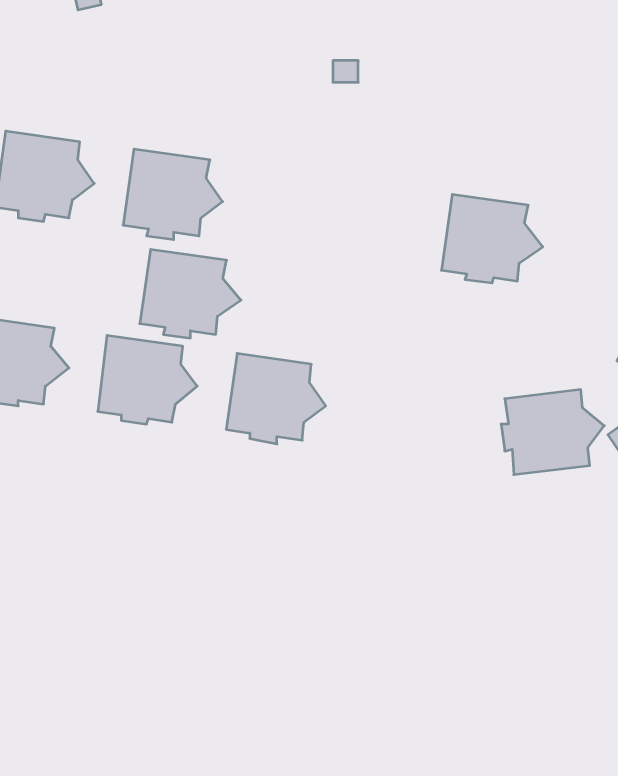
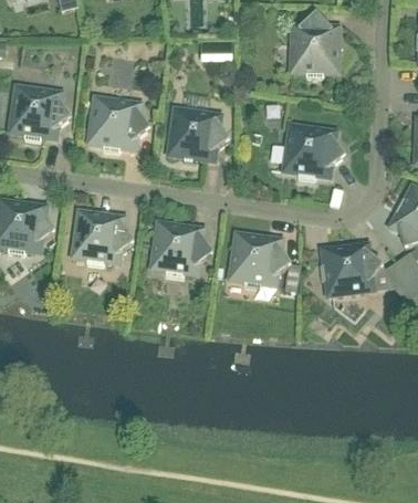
building: none -> [290,12,338,75]
building: [140,249,241,338] -> [167,107,229,161]
building: none -> [229,231,290,286]

